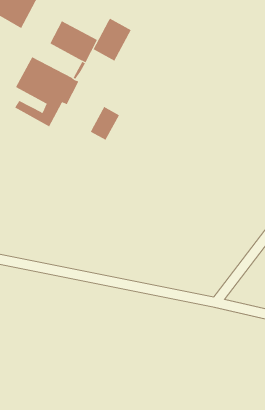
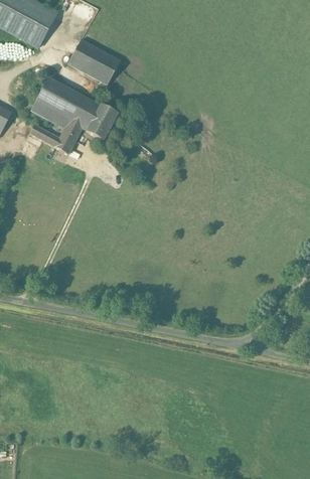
building: [93,18,132,61] -> none
building: [90,106,120,140] -> [86,104,118,141]

